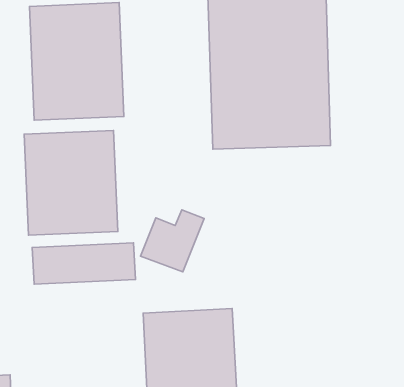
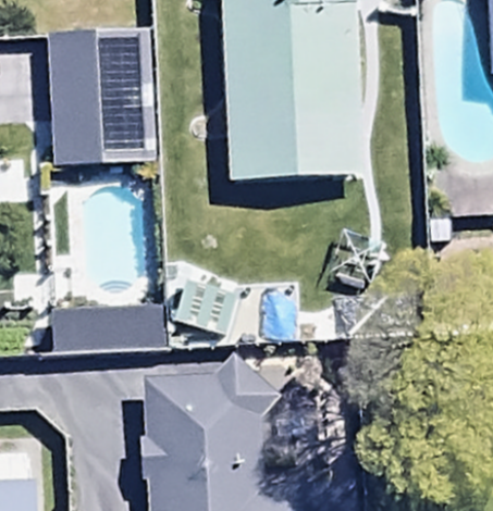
building: [24,130,118,235] -> none

